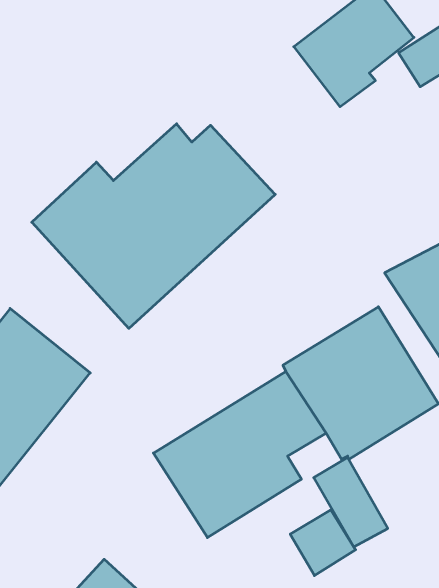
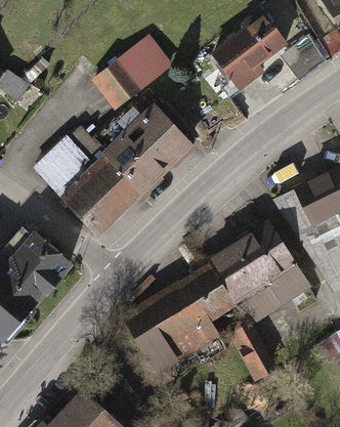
building: none -> [93,37,170,109]
building: [290,510,356,576] -> none

